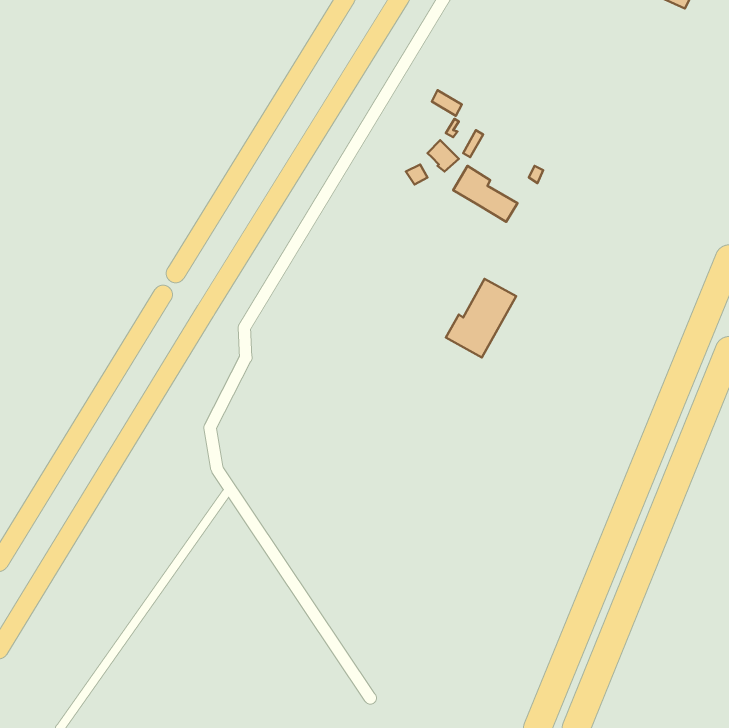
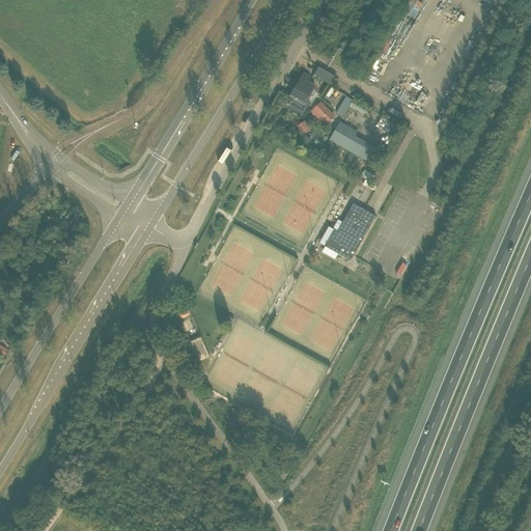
building: none -> [288,72,314,112]

